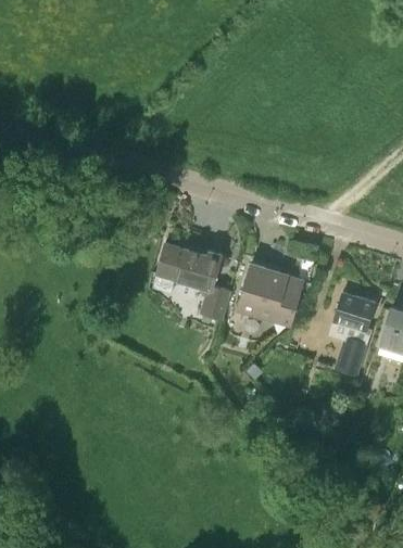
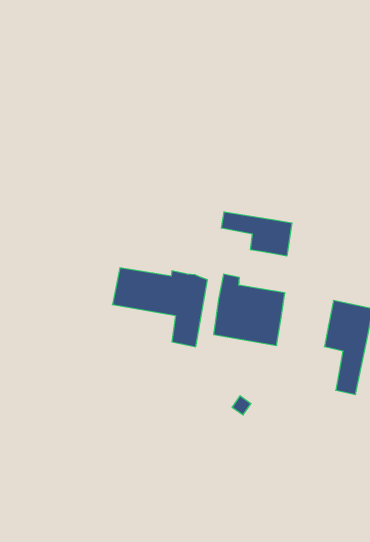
building: none -> [222,212,292,256]

